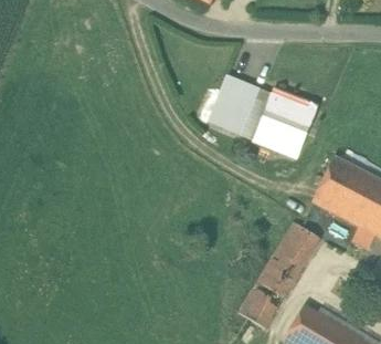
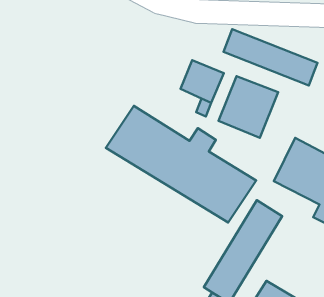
building: none -> [223,29,318,86]
building: none -> [106,106,256,222]

